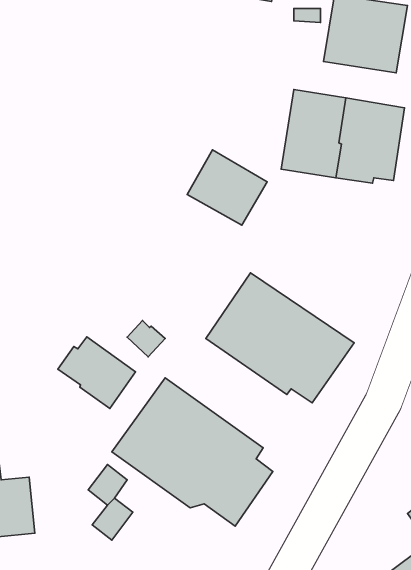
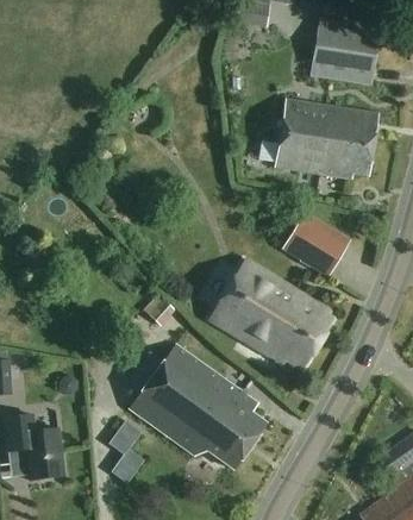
building: [187,150,267,225] -> [282,213,350,277]
building: [58,337,135,409] -> none

